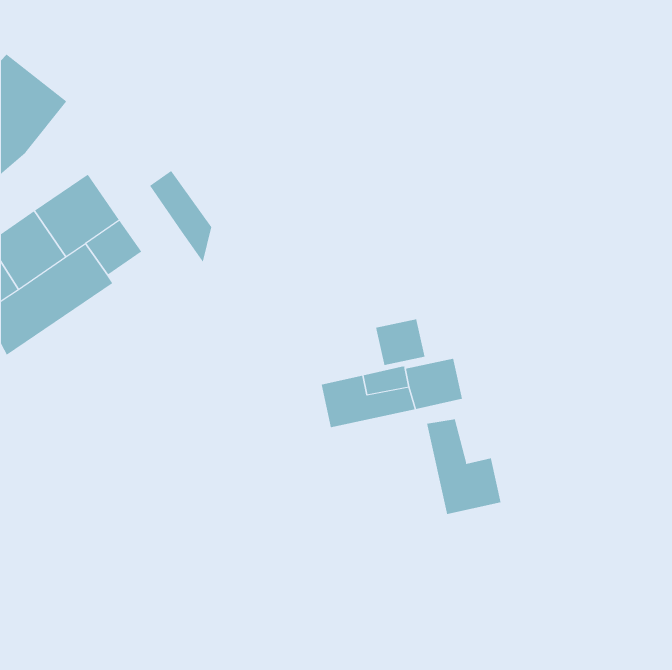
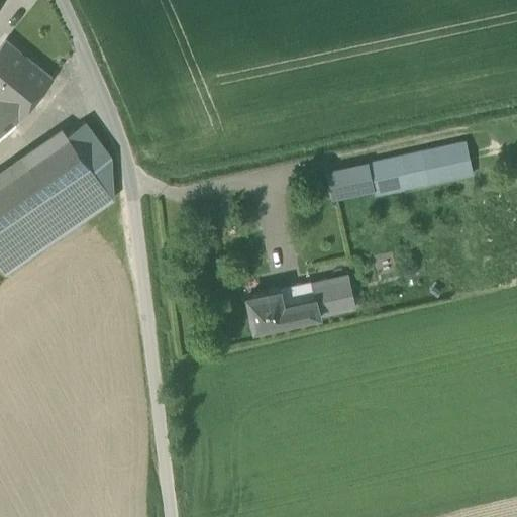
building: [149,170,212,264] -> [68,123,116,195]
building: none -> [325,144,472,200]
building: [376,319,425,366] -> none
building: [427,419,501,515] -> none

